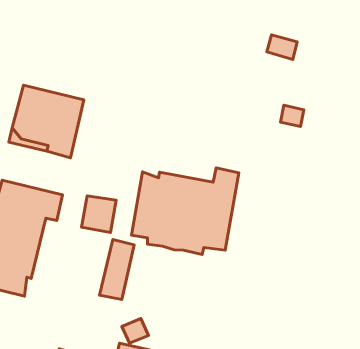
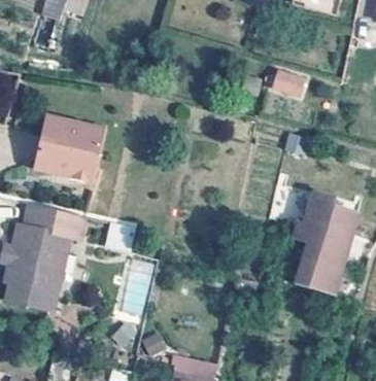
building: [131,168,239,255] -> none
building: none -> [295,196,355,293]

